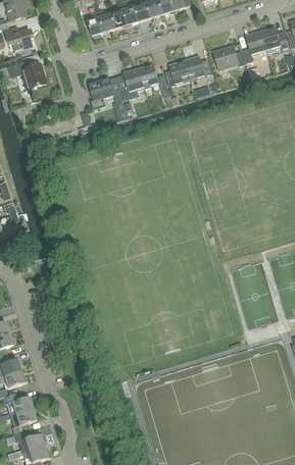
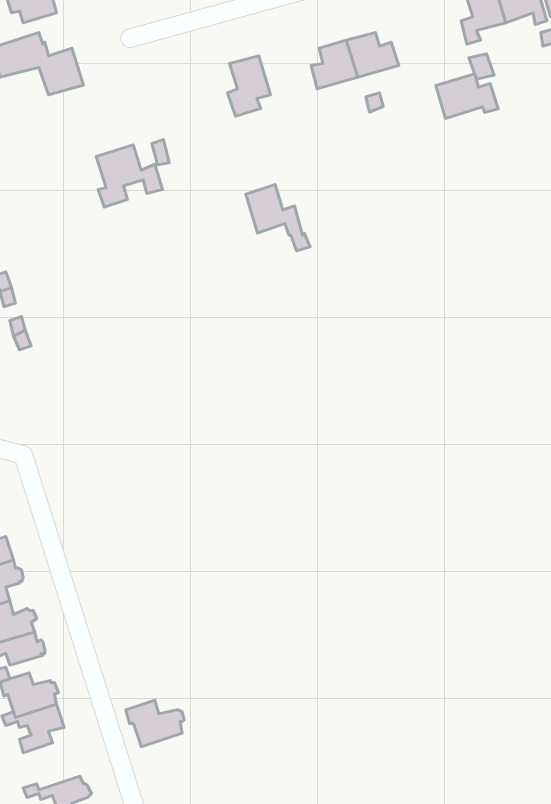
building: [213,46,246,69] -> [436,74,498,118]
building: [138,63,171,98] -> [246,185,310,251]
building: [89,77,124,110] -> [96,145,162,207]
building: [14,428,45,453] -> [126,700,184,747]

